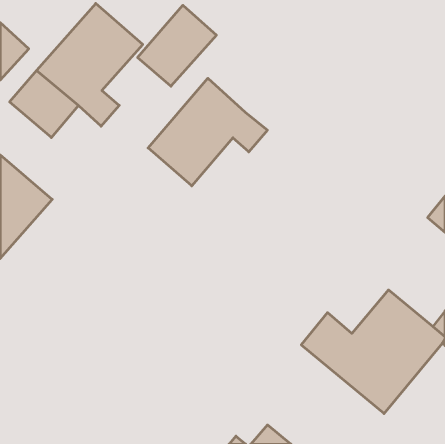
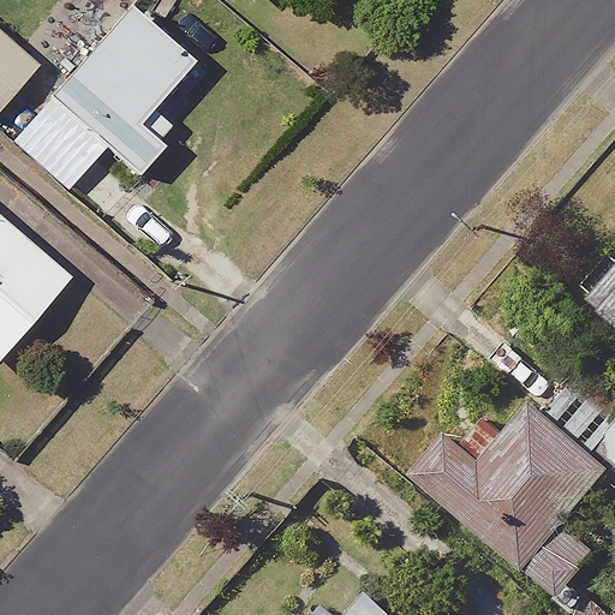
building: [138,5,216,86] -> none
building: [148,78,267,186] -> none

